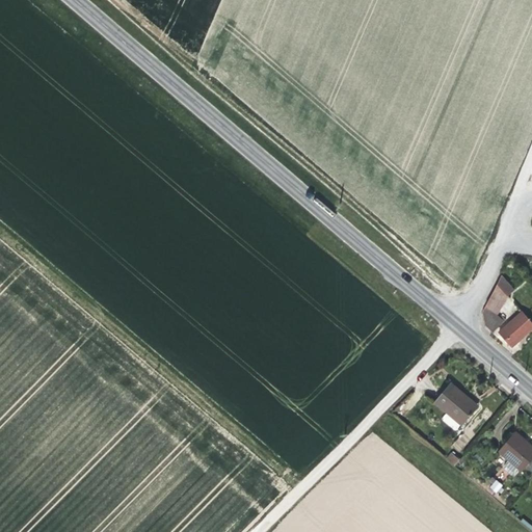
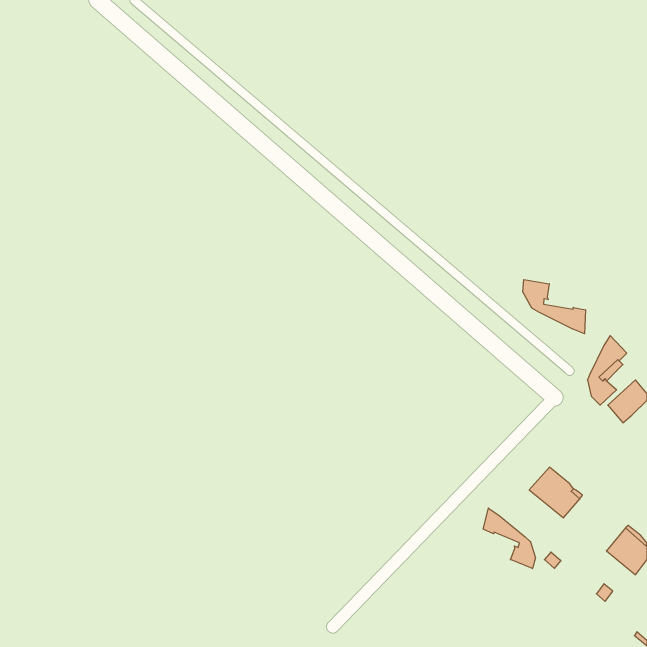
building: none -> [523,280,585,334]
building: none -> [483,508,536,569]

